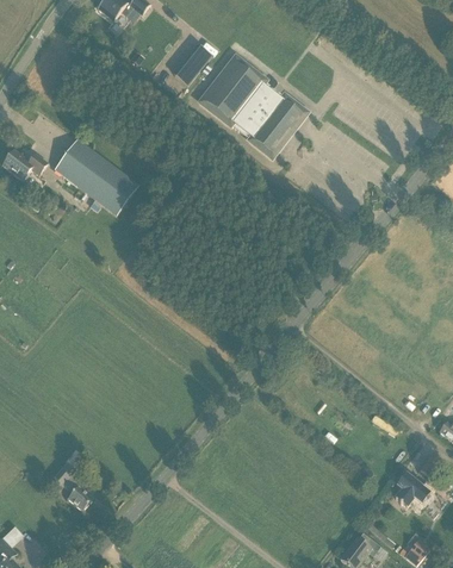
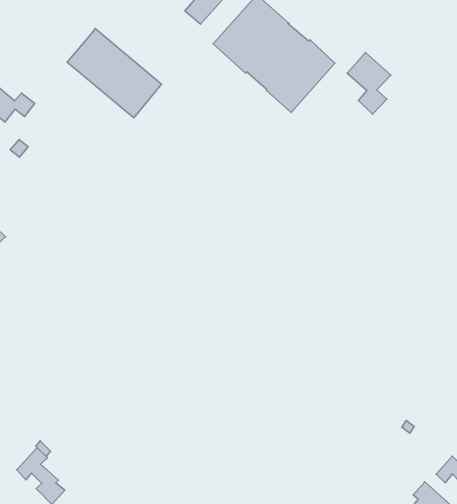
building: none -> [347,53,391,114]
building: [54,138,137,214] -> [67,28,162,118]

